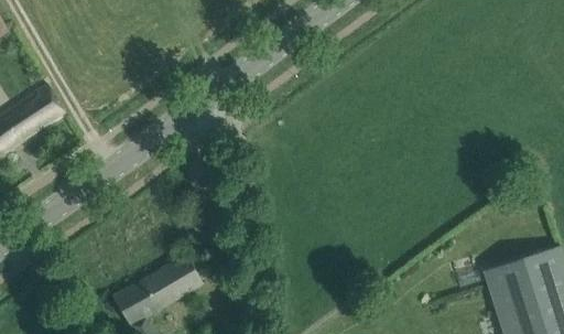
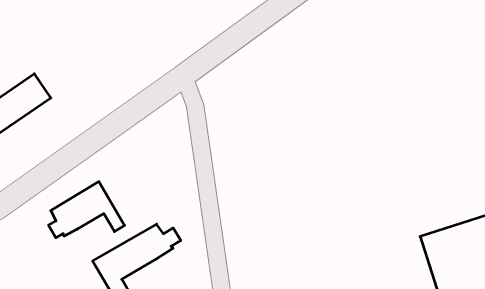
building: none -> [49,182,125,238]

